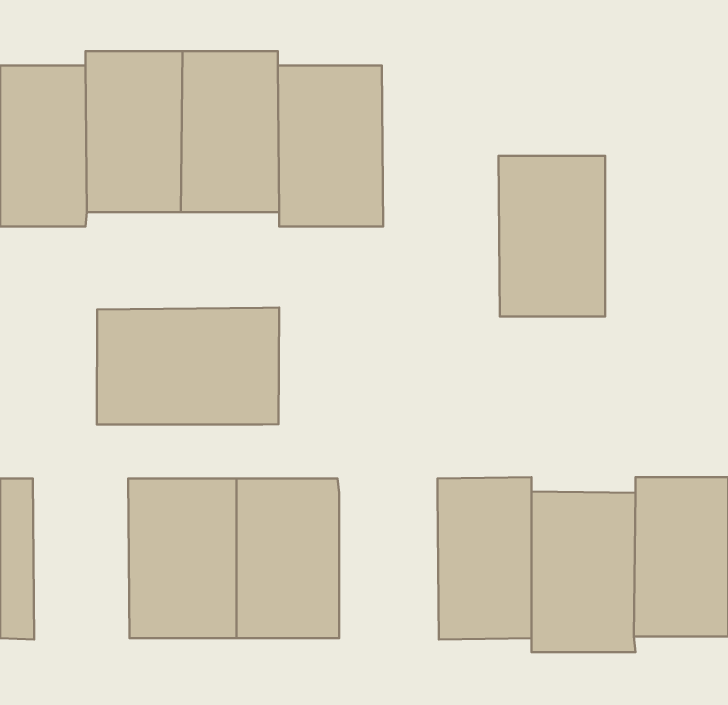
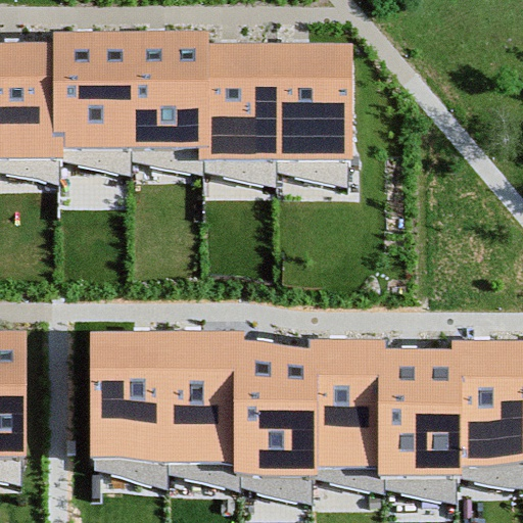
building: [498,156,605,317] -> [274,47,350,162]
building: [97,308,279,424] -> none
building: none -> [243,353,315,468]

